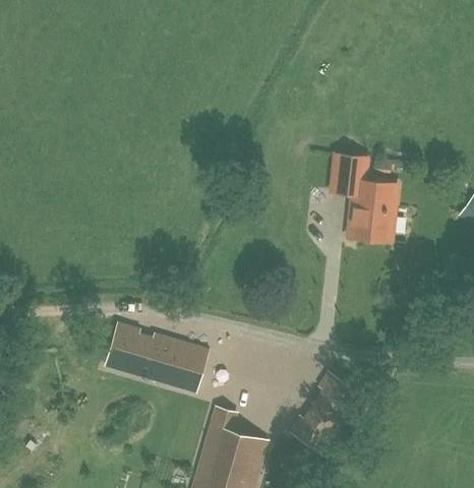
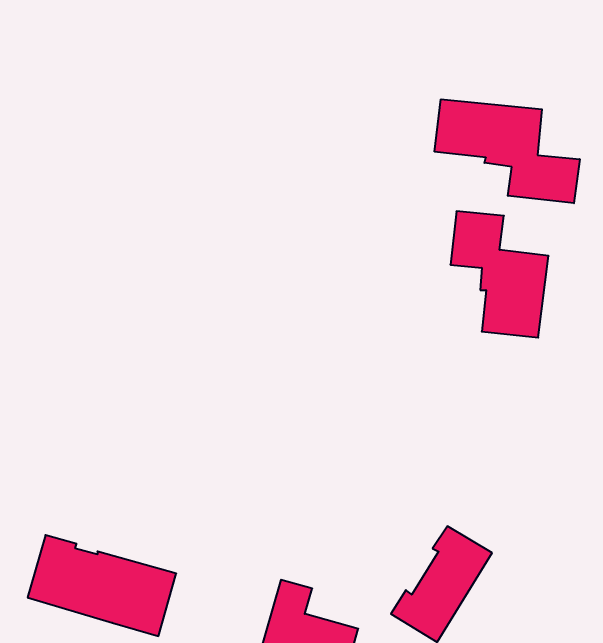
building: none -> [435,99,580,203]
building: [106,322,208,391] -> [28,535,176,636]

